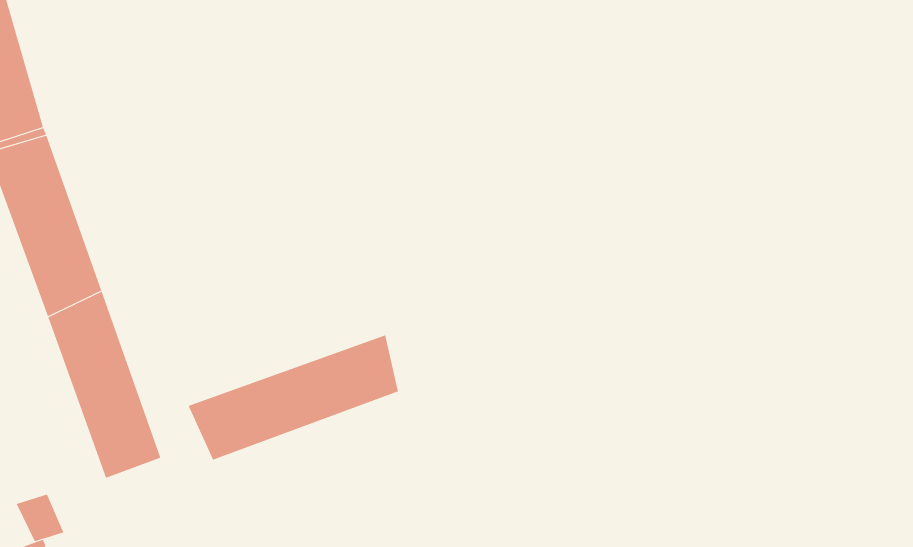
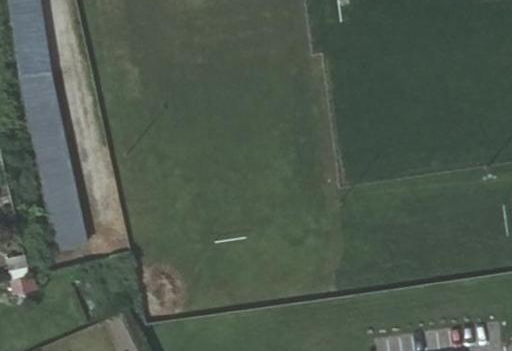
building: [188,335,398,460] -> none

